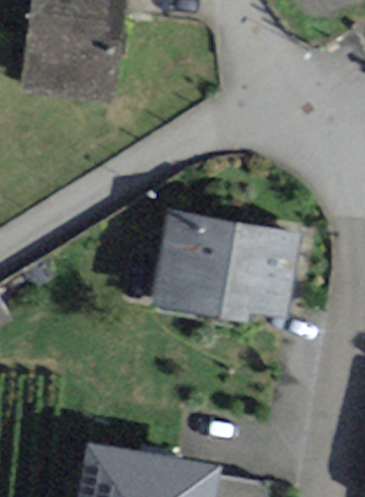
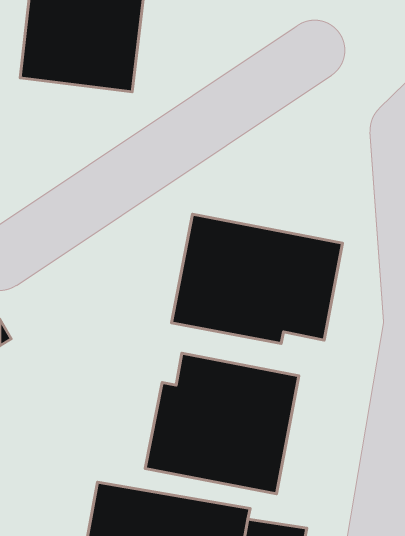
building: none -> [145,353,299,494]

